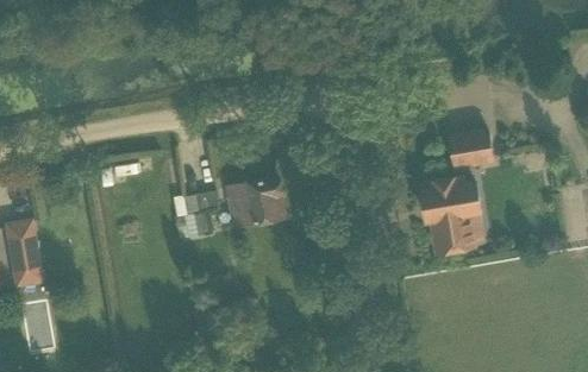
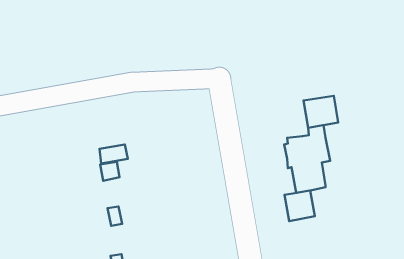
building: [225,177,281,227] -> none
building: none -> [284,191,315,221]

